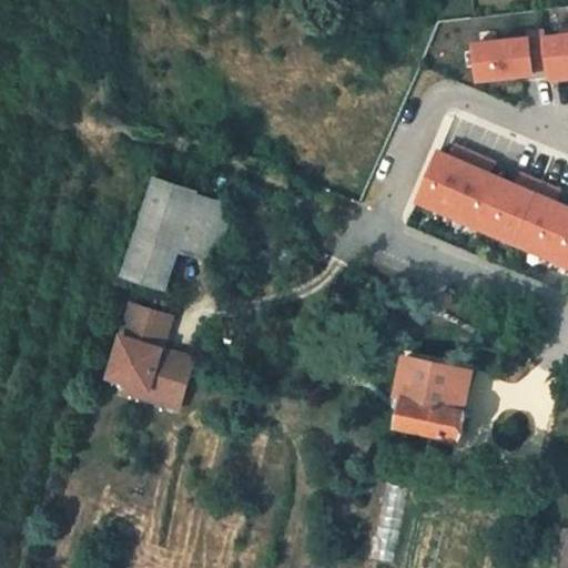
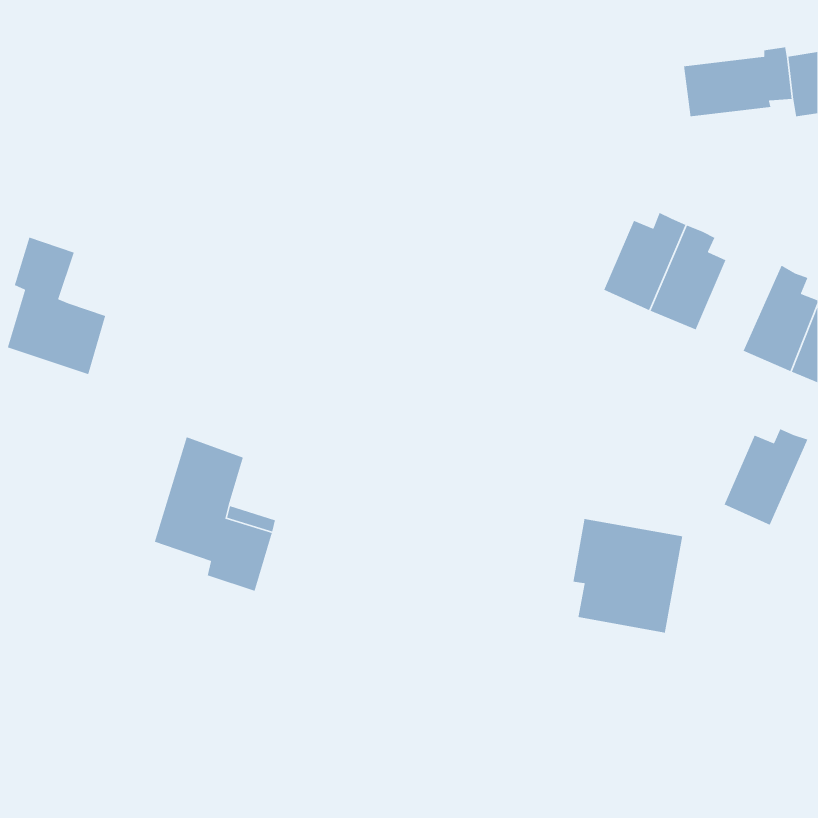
building: none -> [7,236,106,375]
building: [116,175,231,291] -> none
building: [481,176,540,244] -> [724,428,809,526]

